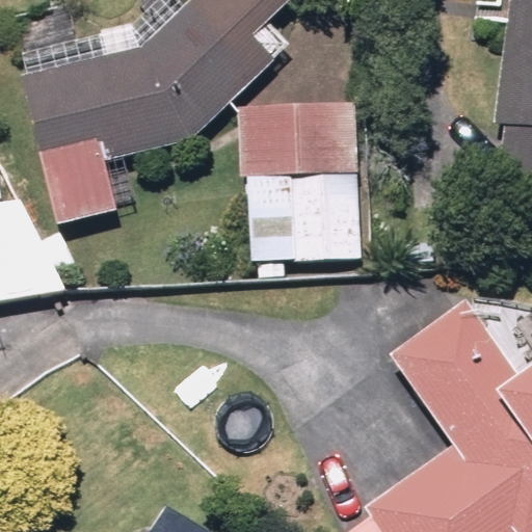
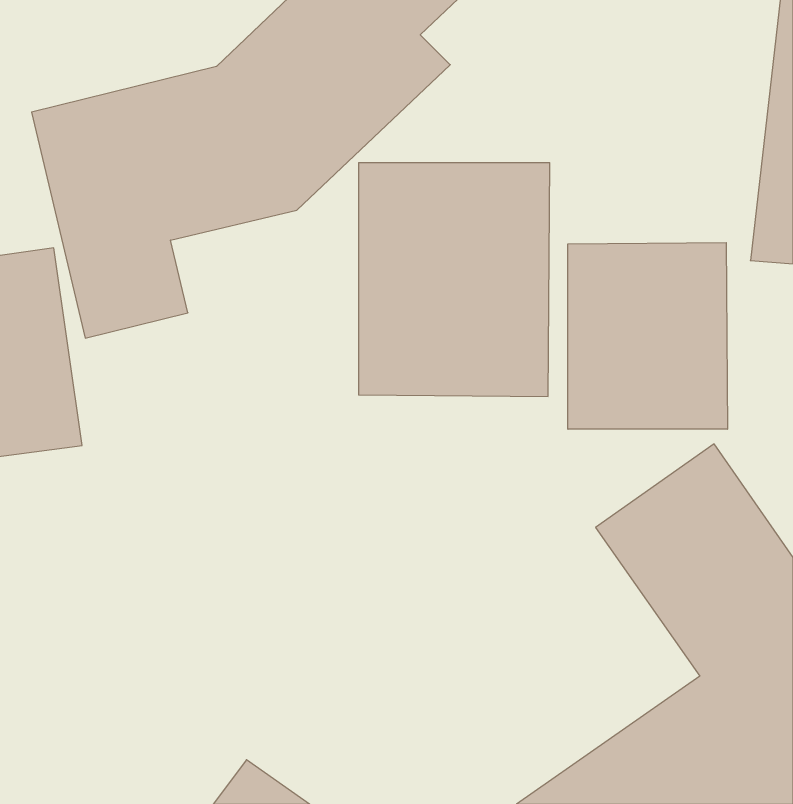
building: none -> [568,243,727,429]

